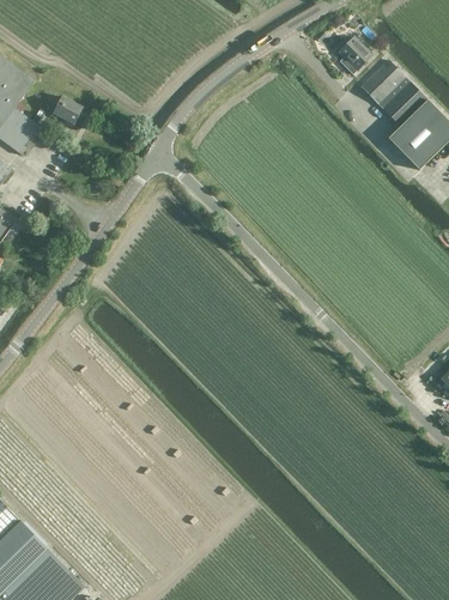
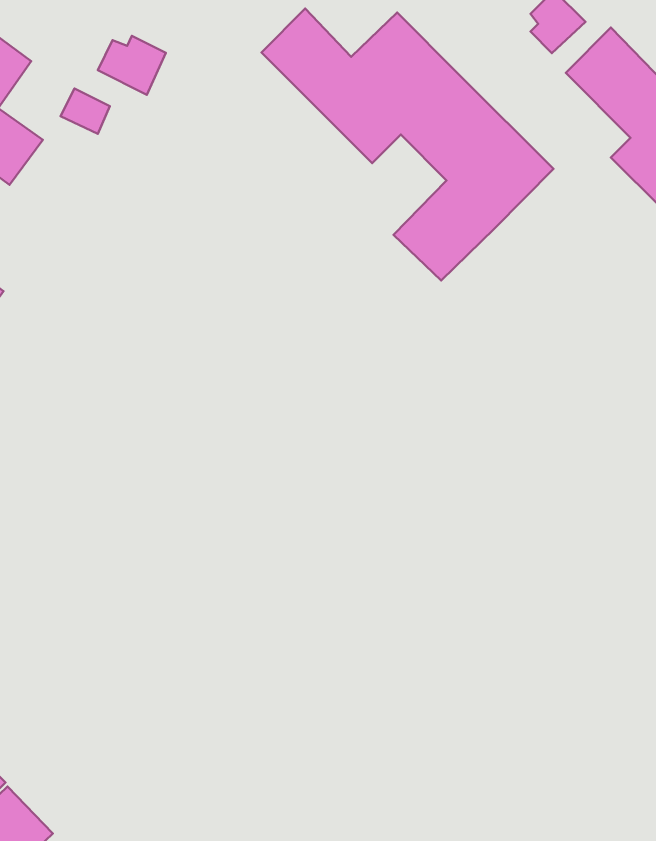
building: none -> [262,9,553,280]
building: none -> [98,36,166,95]

